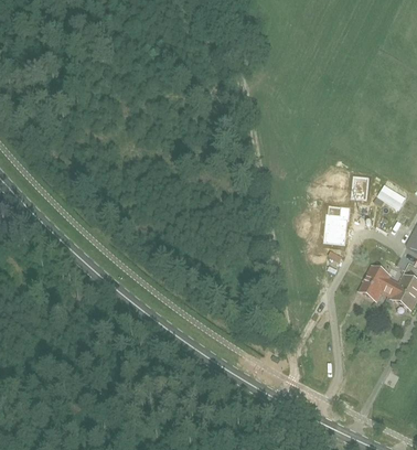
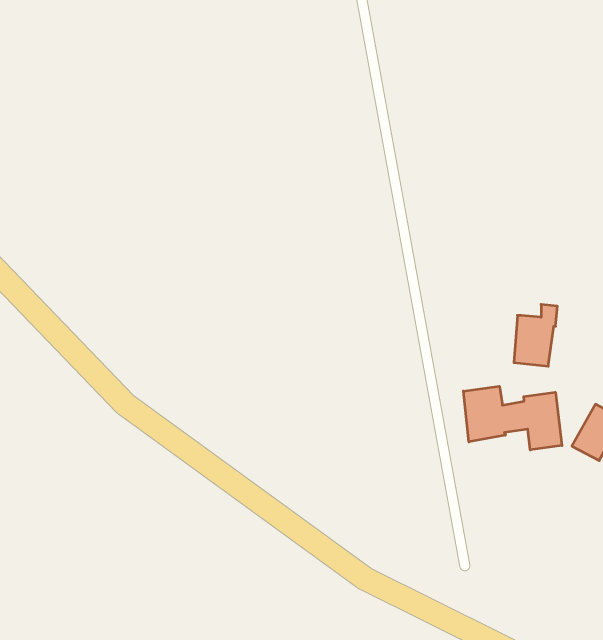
building: none -> [463,386,562,450]

